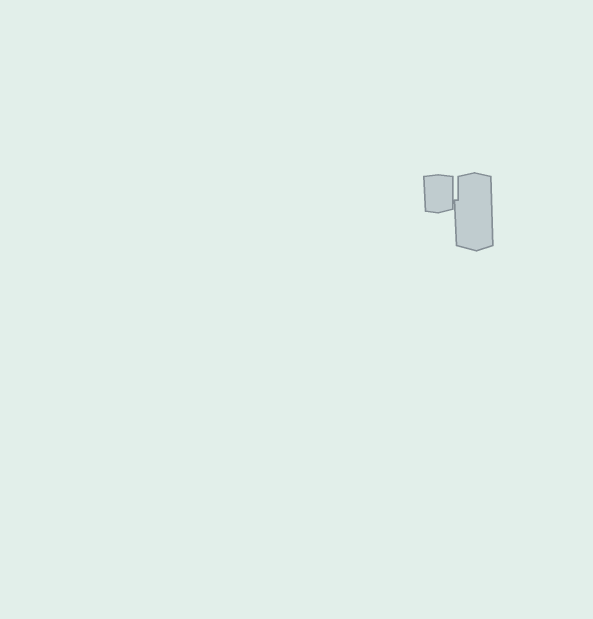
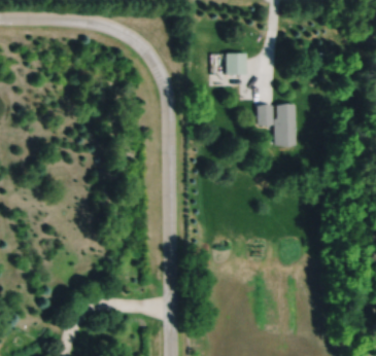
building: none -> [226,52,246,73]

